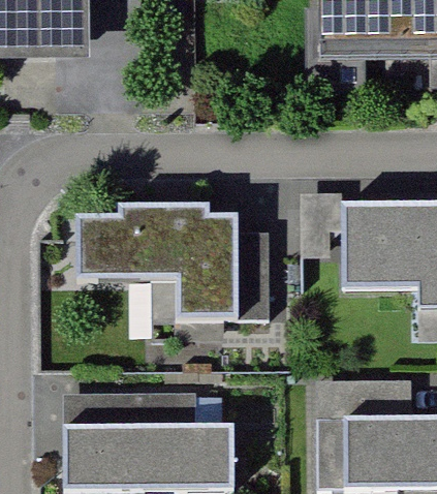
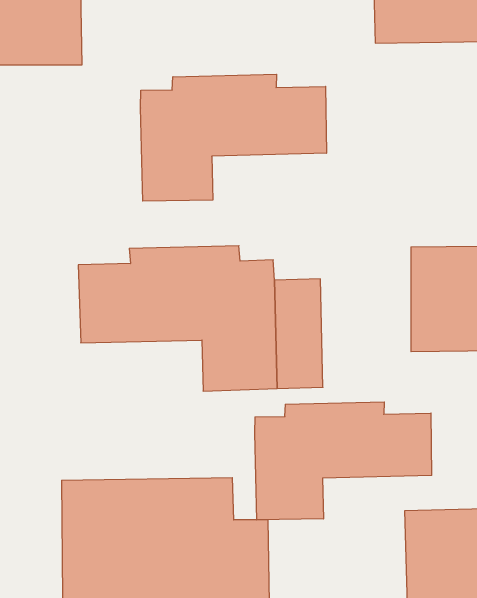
building: none -> [141,74,326,201]
building: none -> [255,402,432,520]

